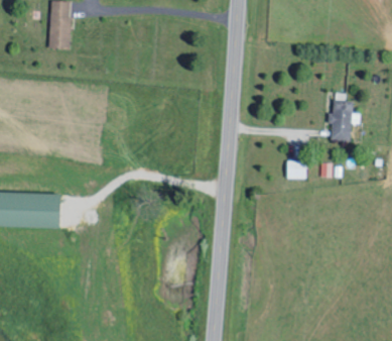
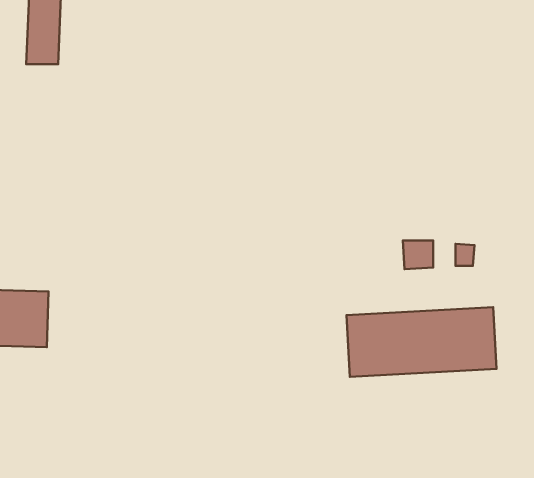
building: [328,100,360,141] -> none
building: none -> [346,307,497,377]

